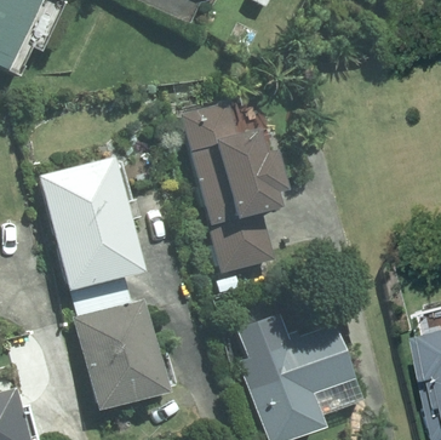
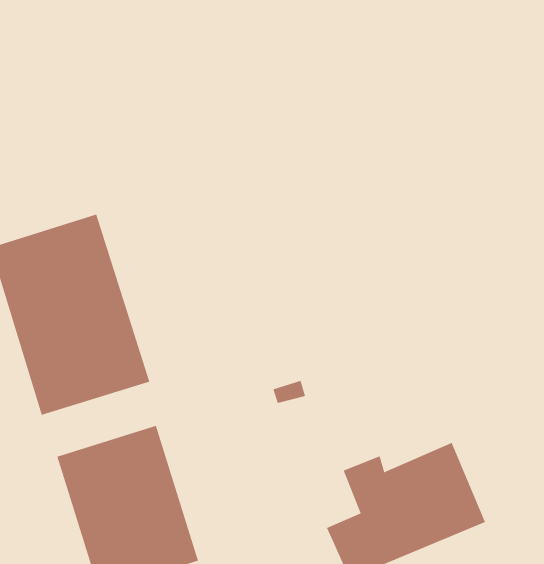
building: [184,103,281,273] -> none

